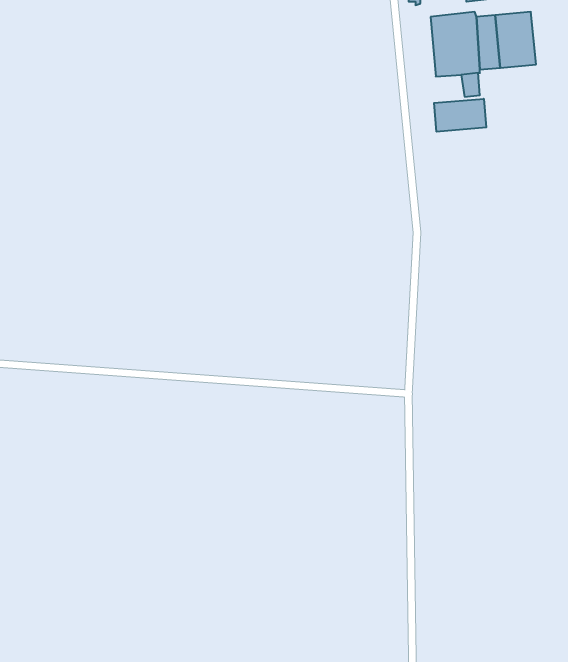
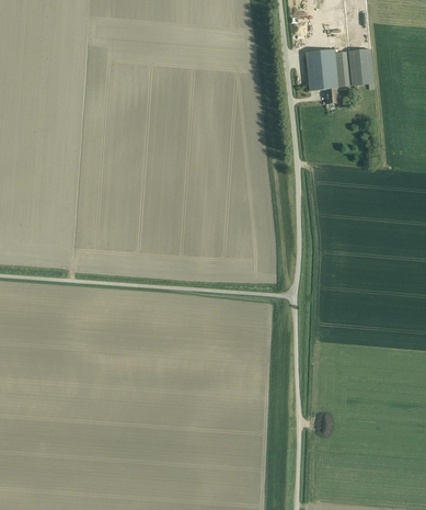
building: [434,99,486,132] -> none

